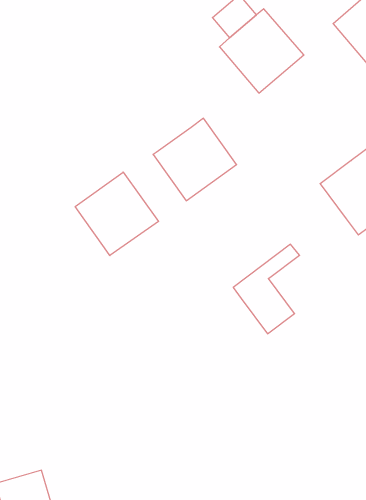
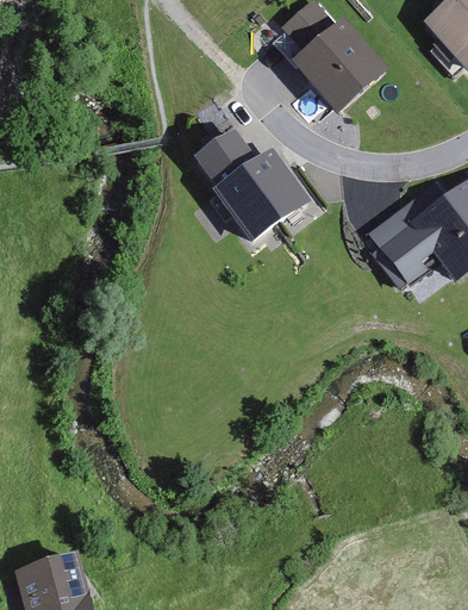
building: none -> [192,124,255,183]
building: [75,172,159,256] -> none
building: [233,244,300,334] -> [366,180,444,286]

